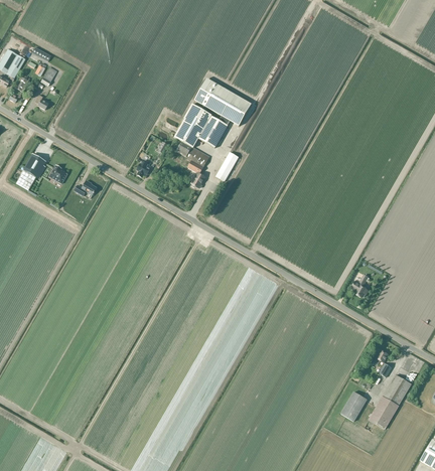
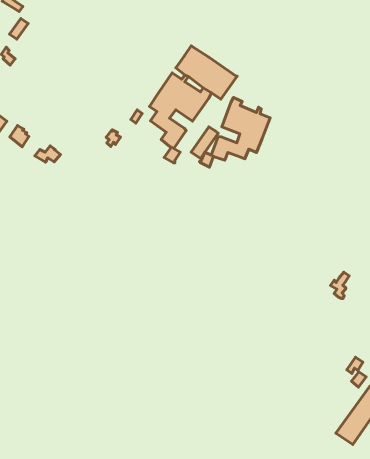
building: none -> [200,98,270,167]
building: [340,390,368,421] -> none

